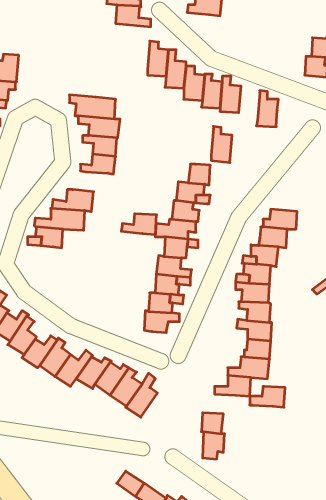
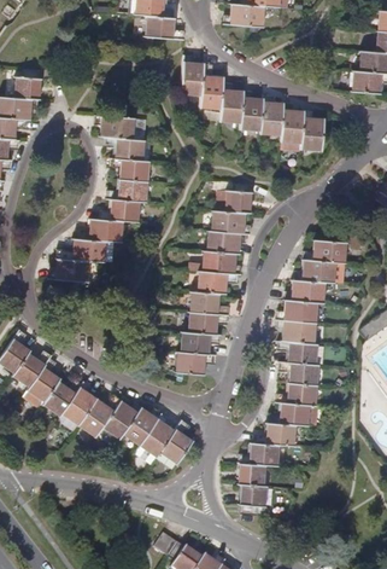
building: [211,126,232,163] -> [281,103,304,143]
building: [121,214,157,235] -> [99,199,137,222]
building: [250,386,285,407] -> [239,443,277,466]

